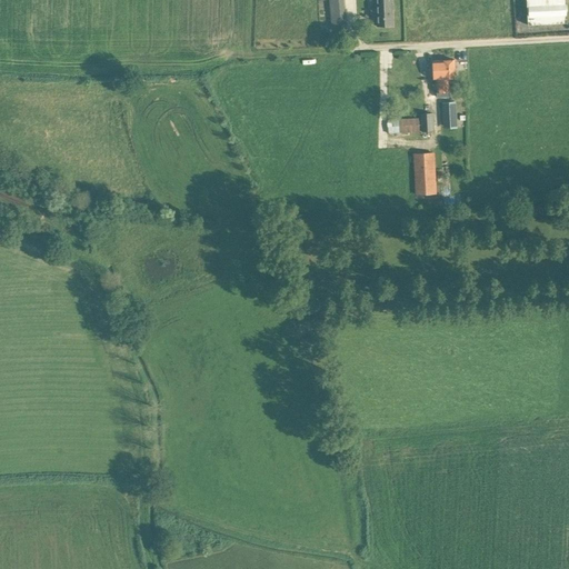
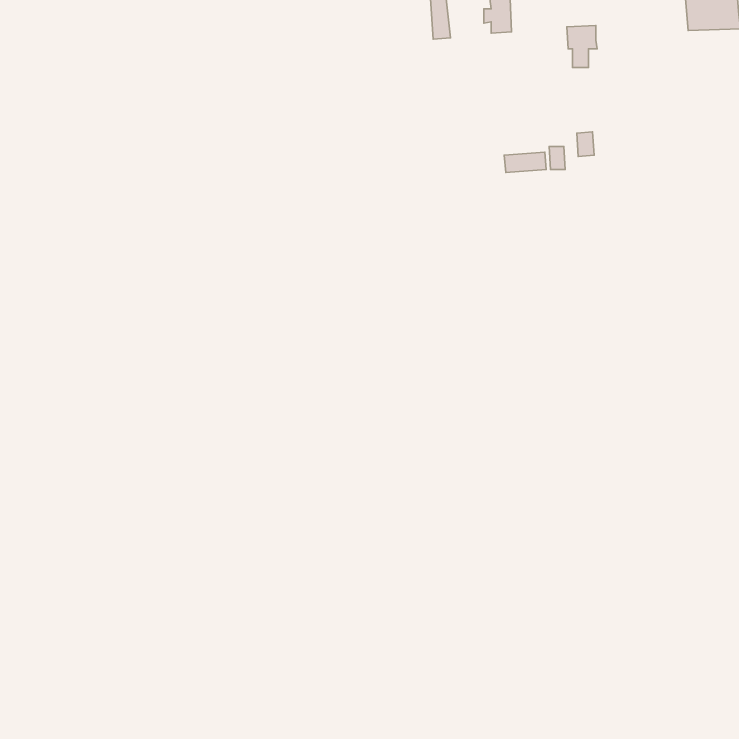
building: [433,59,457,91] -> [567,26,597,68]
building: [413,151,437,193] -> none

